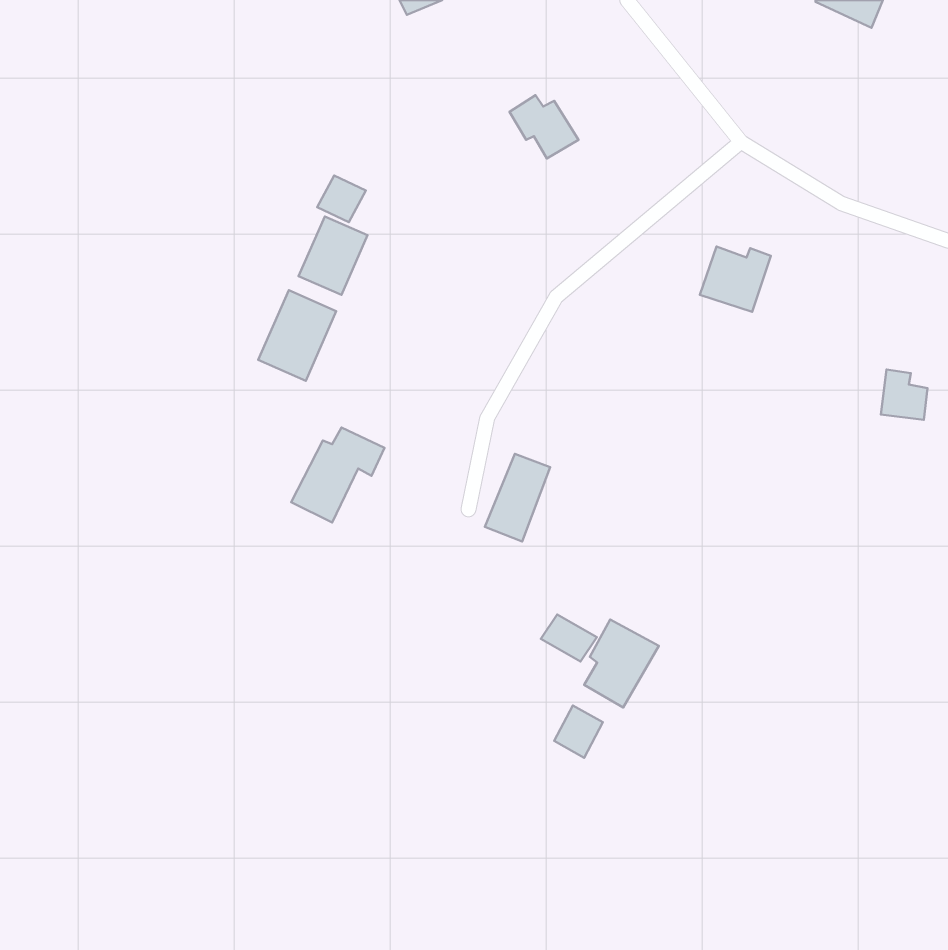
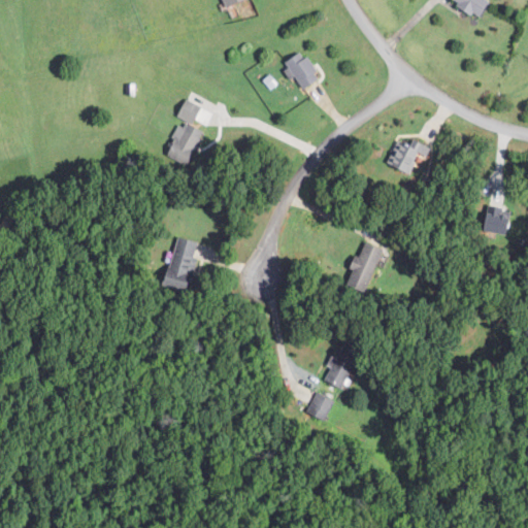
building: [258,290,336,381] -> none
building: [485,454,550,542] -> [345,242,382,291]
building: [541,614,597,662] -> none

